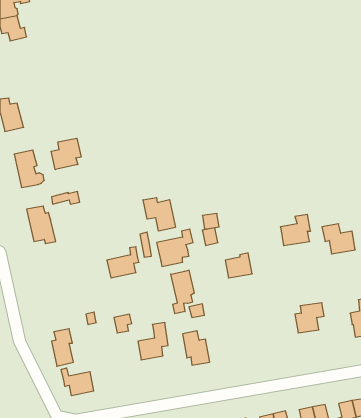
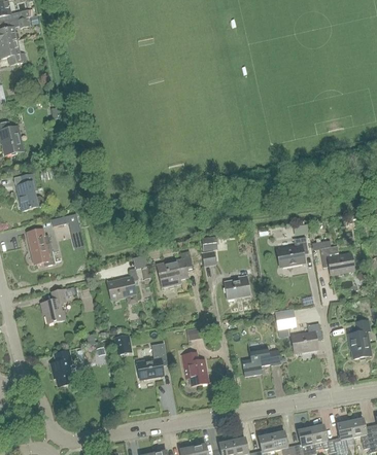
building: [51,138,81,170] -> none
building: [143,198,175,231] -> none
building: none -> [41,288,65,322]
building: [171,270,194,314] -> none
building: none -> [241,347,280,376]
building: [61,368,94,396] -> none

